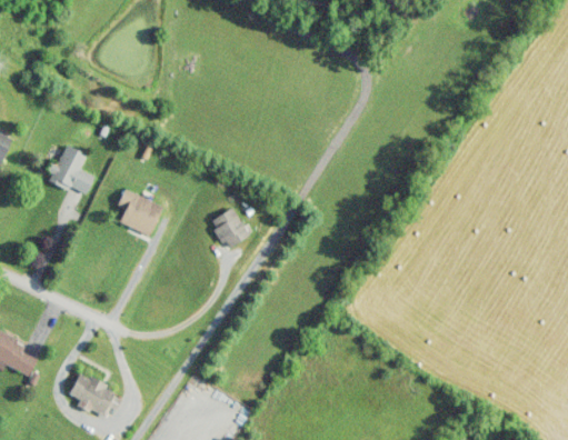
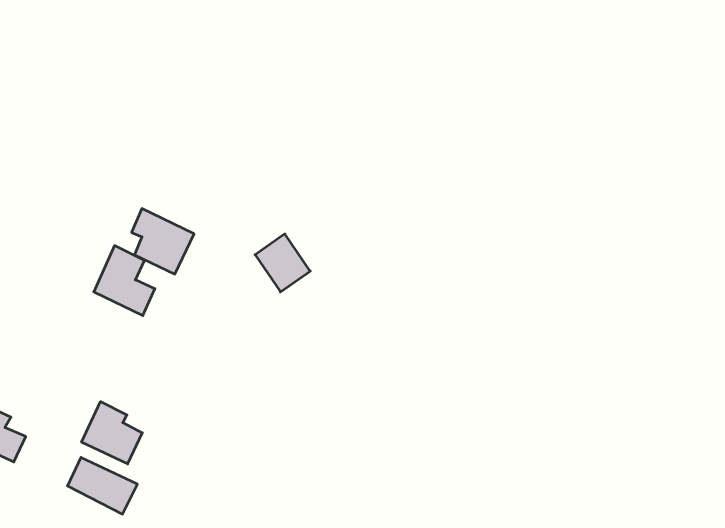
building: [48,143,93,196] -> [94,246,155,316]
building: none -> [82,402,142,464]

